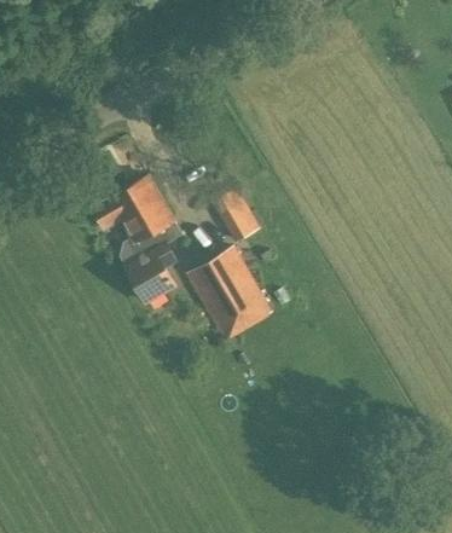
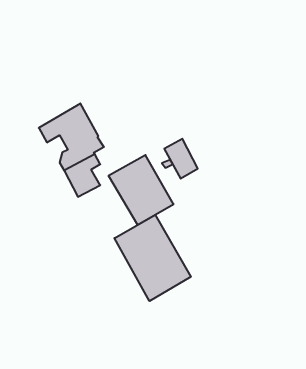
building: [214,187,259,241] -> [164,139,198,179]
building: none -> [114,215,191,301]

